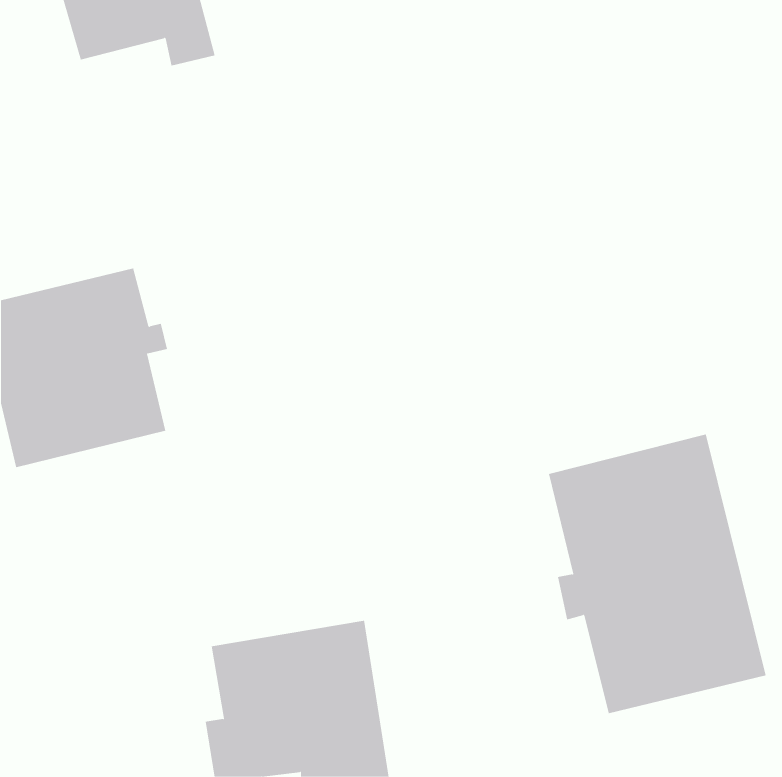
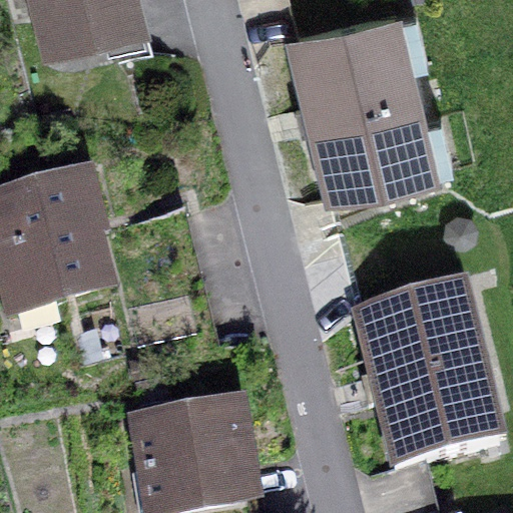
building: none -> [295,11,434,191]

